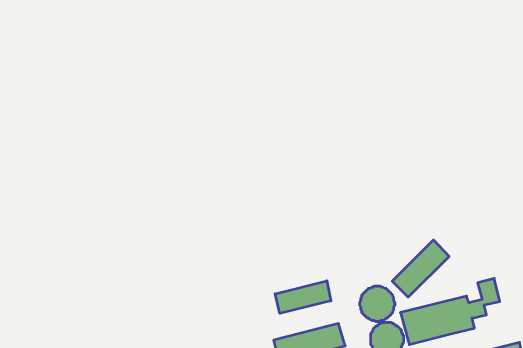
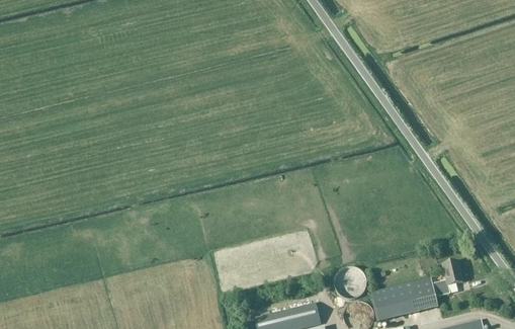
building: [392,240,449,297] -> none
building: [275,281,331,313] -> none

